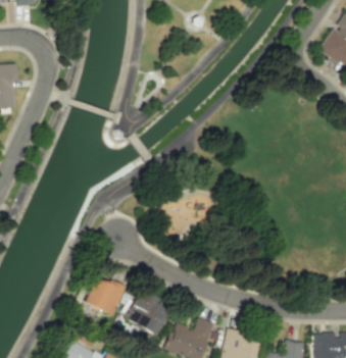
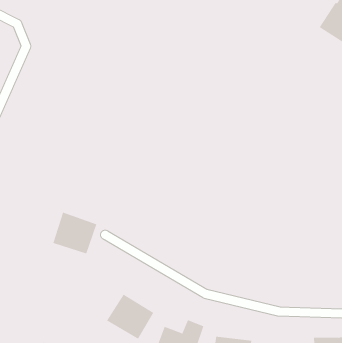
building: [84,276,125,315] -> [53,212,97,254]

